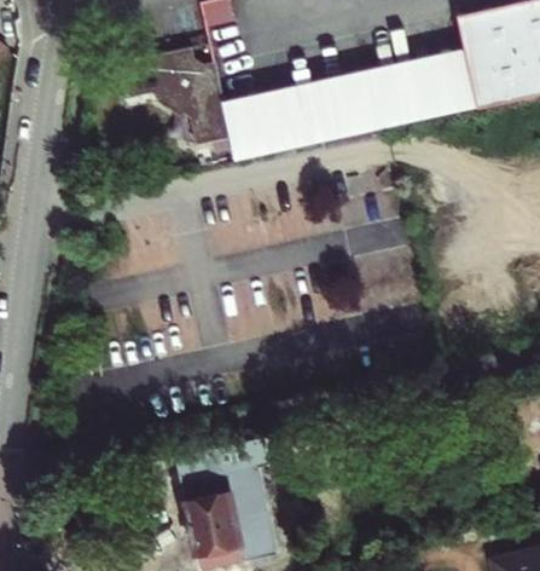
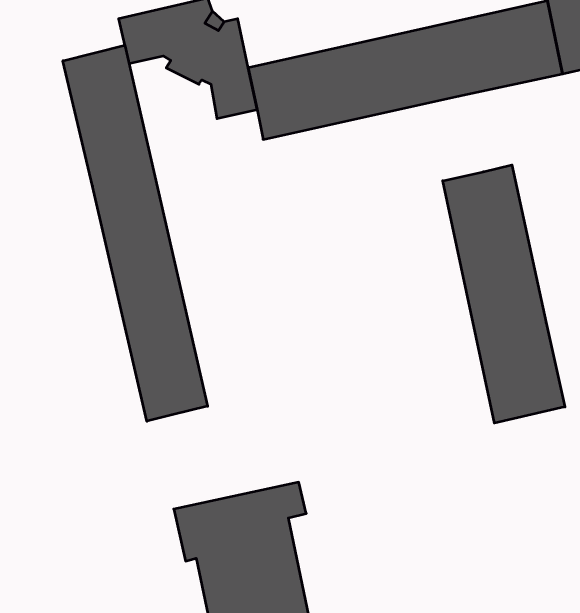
building: none -> [63,45,208,421]
building: none -> [443,165,565,423]

